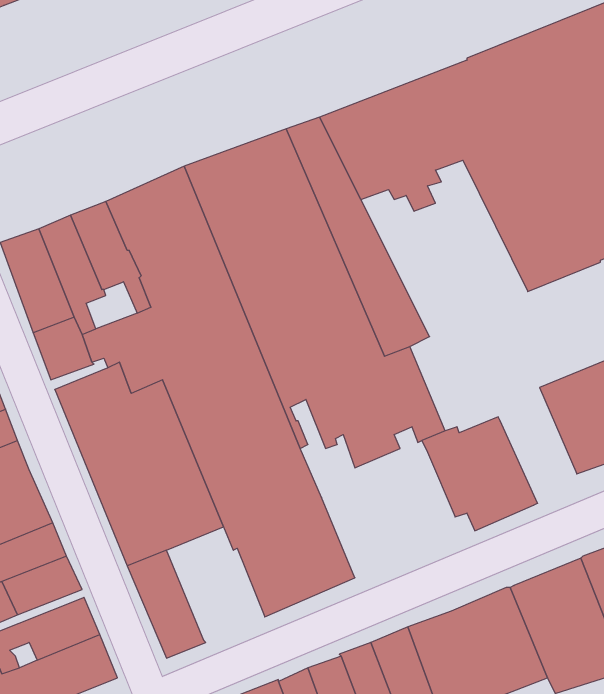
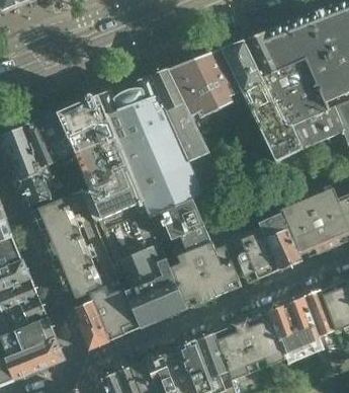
building: none -> [262,216,302,268]
building: none -> [170,240,243,307]
building: none -> [90,281,141,339]

